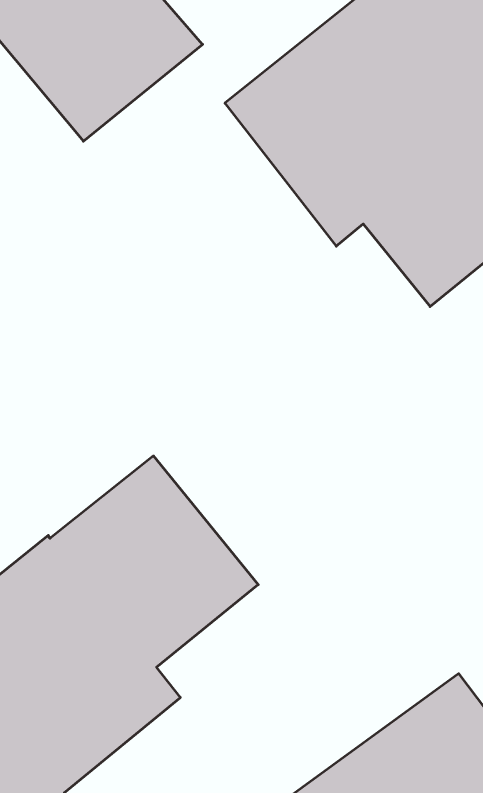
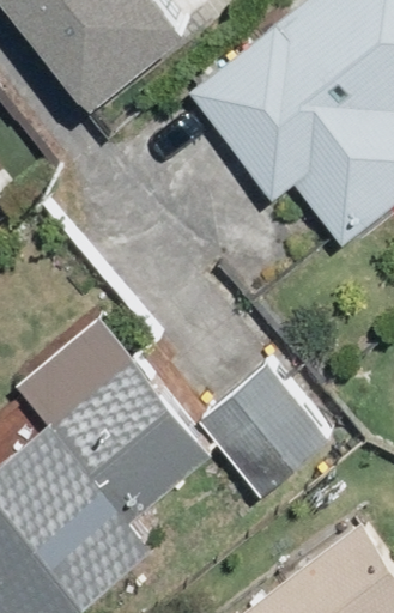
building: none -> [201,360,332,491]

